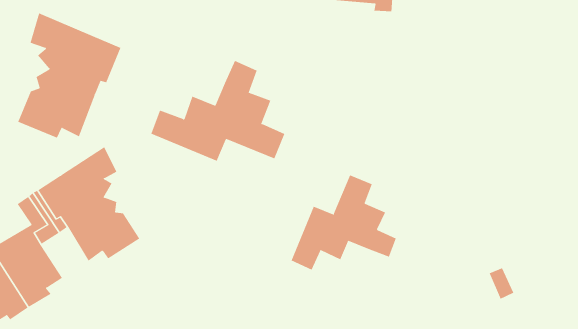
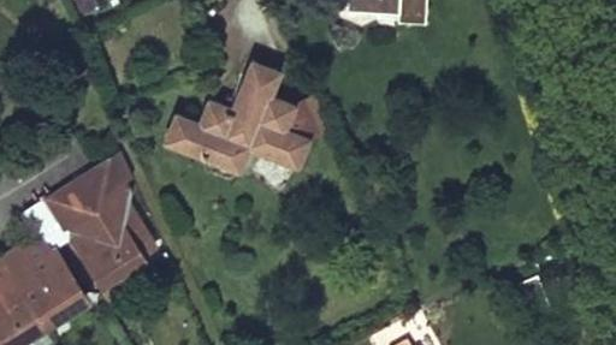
building: [18,13,121,139] -> none
building: [291,174,397,270] -> none

